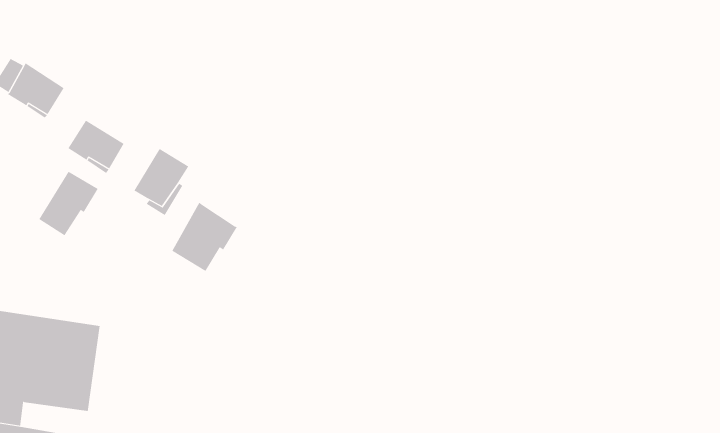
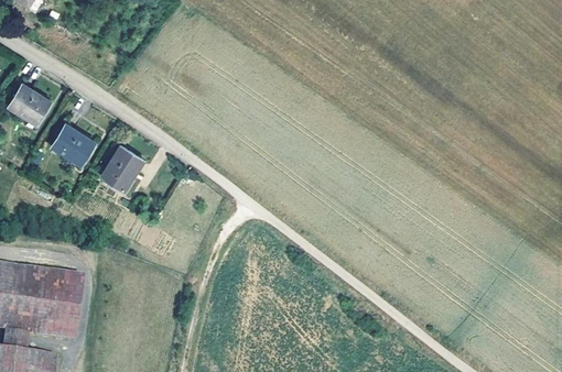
building: [39,171,99,236] -> none
building: [171,202,238,272] -> none

